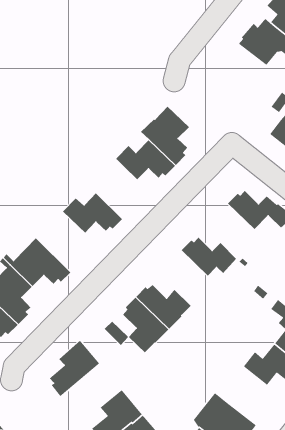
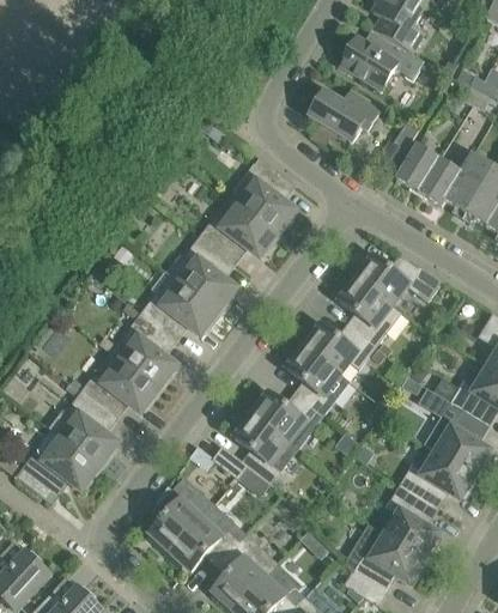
building: none -> [308,87,382,141]
building: none -> [181,227,235,311]
building: none -> [110,302,175,389]
building: none -> [339,274,401,345]
building: none -> [287,342,350,413]
building: none -> [168,503,247,569]
building: none -> [385,484,438,558]

